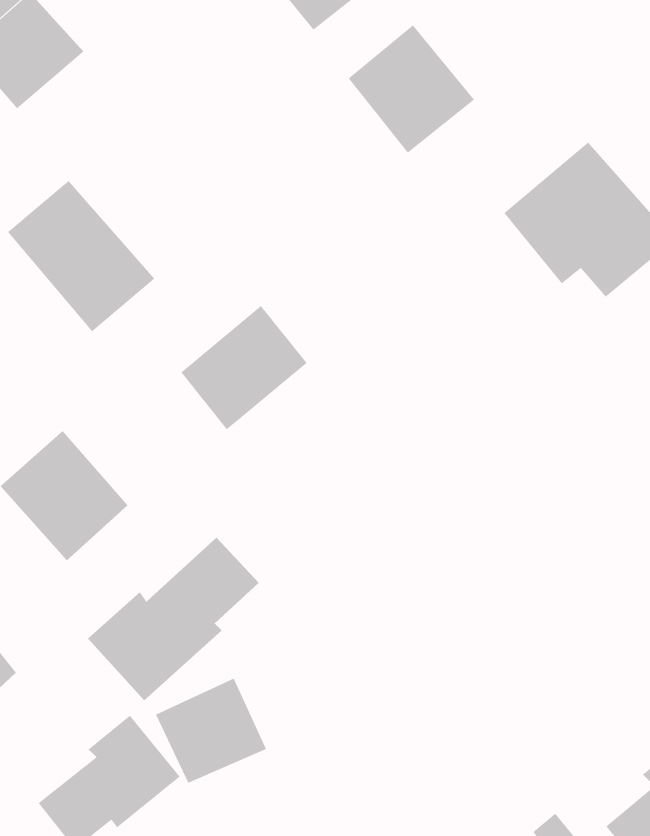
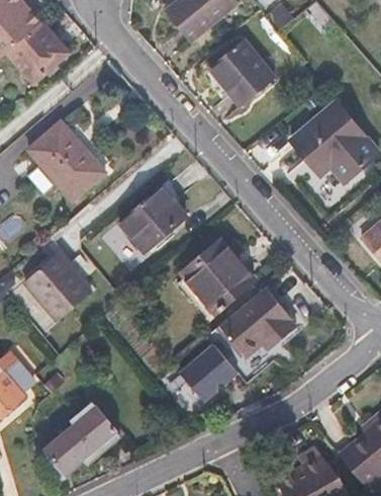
building: none -> [180,237,258,317]
building: none -> [220,286,297,354]
building: [87,537,259,701] -> none
building: [155,678,267,784] -> [182,338,241,394]

